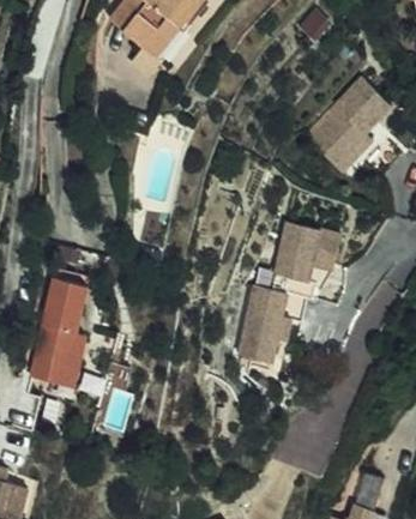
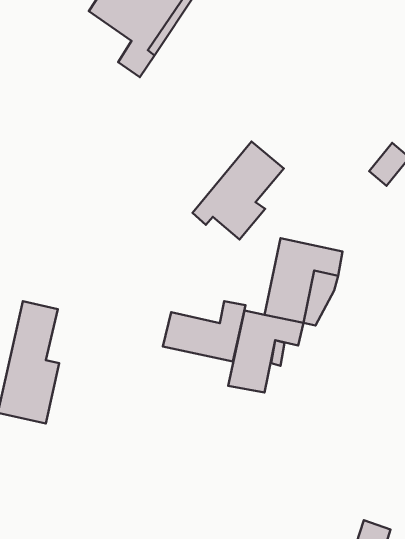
building: [306,79,387,167] -> [193,142,284,240]
building: none -> [163,301,246,362]

